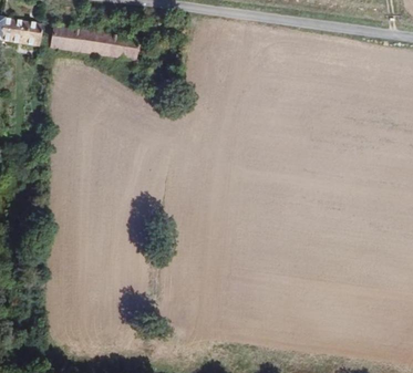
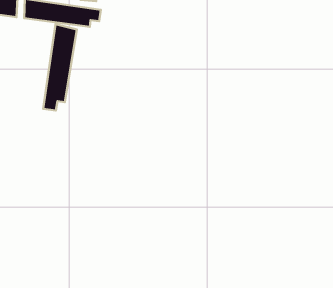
building: none -> [43,24,77,110]

